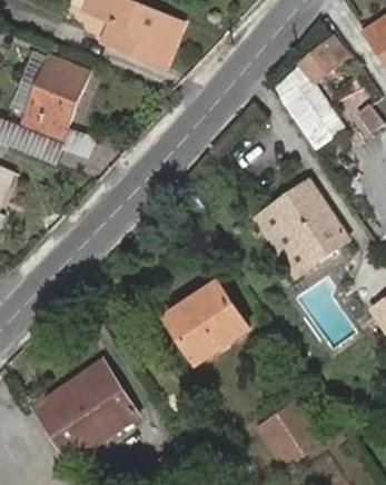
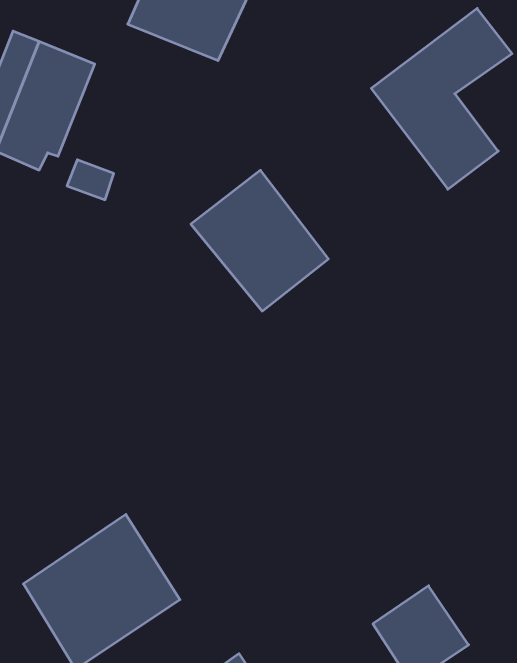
building: [260,185,348,275] -> [191,170,328,311]
building: [168,284,250,362] -> none

